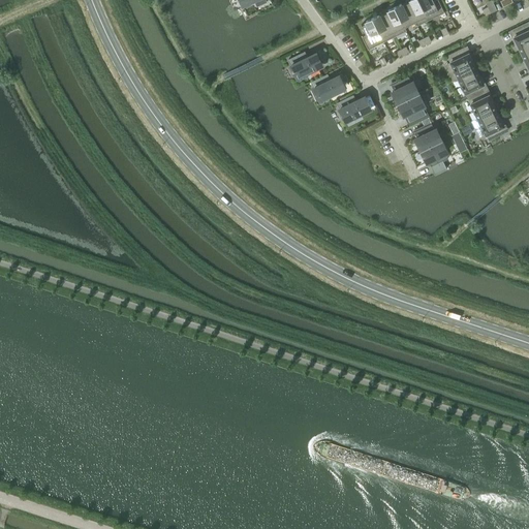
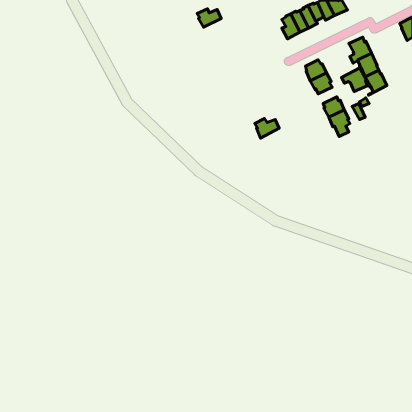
building: [289,54,320,77] -> [197,9,221,27]
building: [312,75,343,100] -> none
building: [338,97,369,122] -> [255,119,279,138]
building: [472,111,505,141] -> [341,68,367,91]

